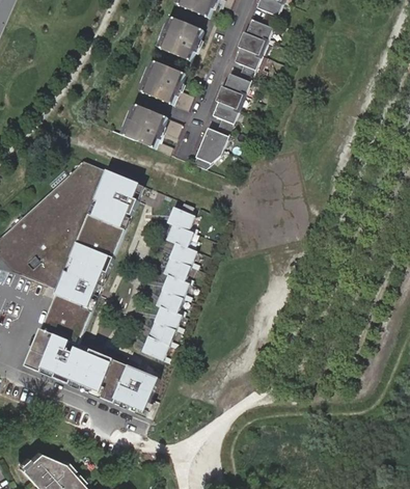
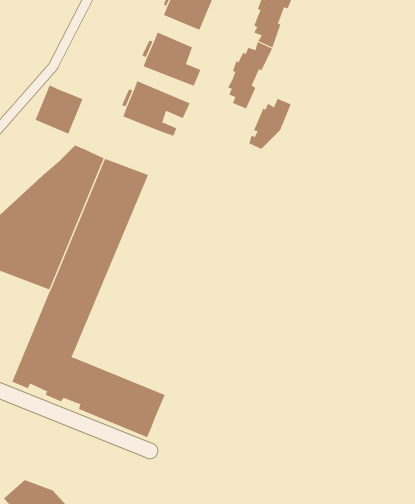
building: none -> [35,85,83,134]
building: [192,124,229,168] -> [248,98,291,149]
building: [142,207,197,360] -> none

